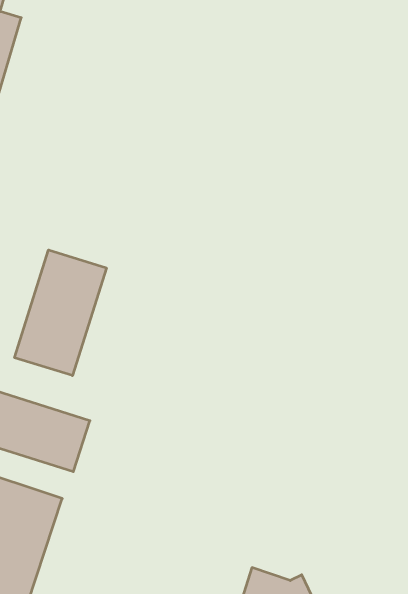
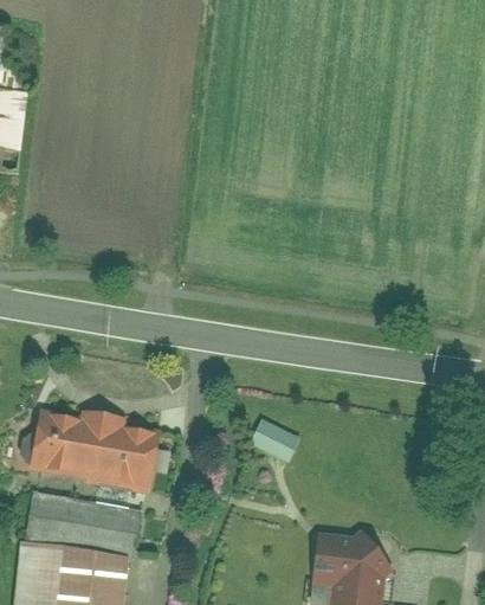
building: [15,250,106,376] -> none
building: none -> [252,423,304,466]

